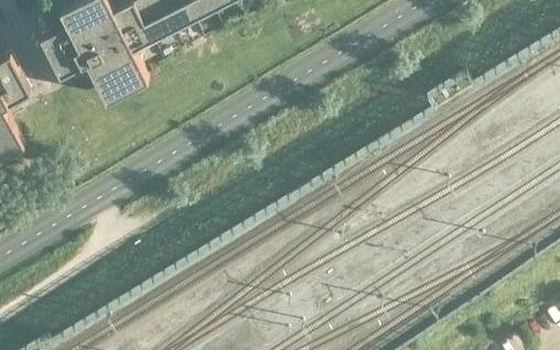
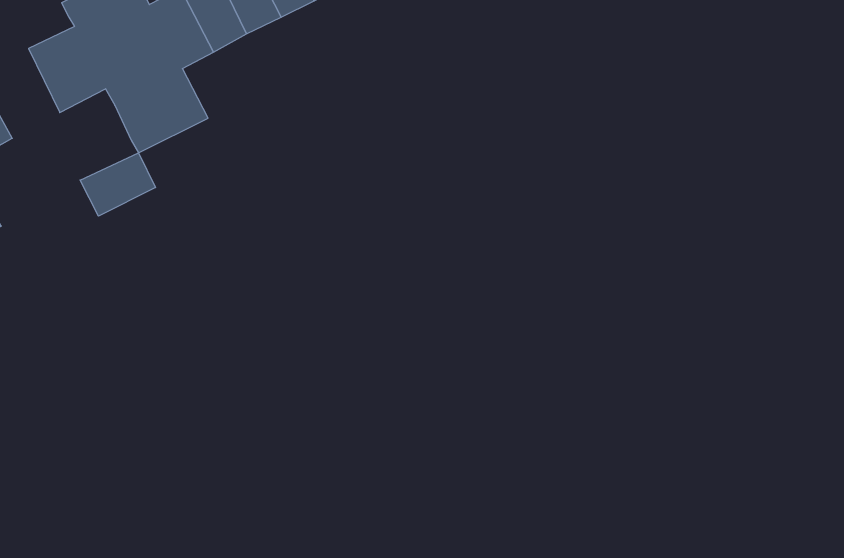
building: none -> [80,153,155,216]

